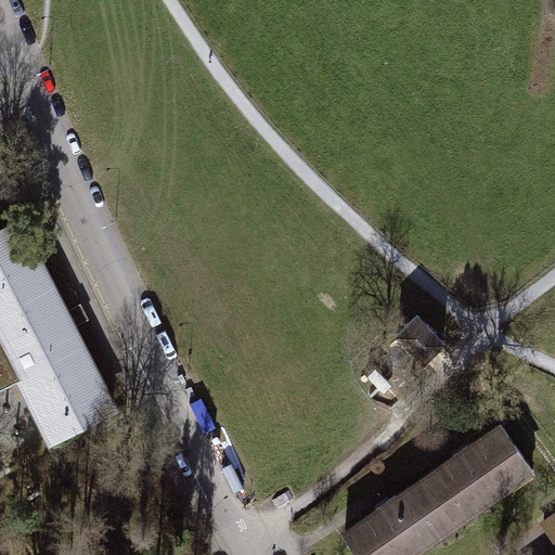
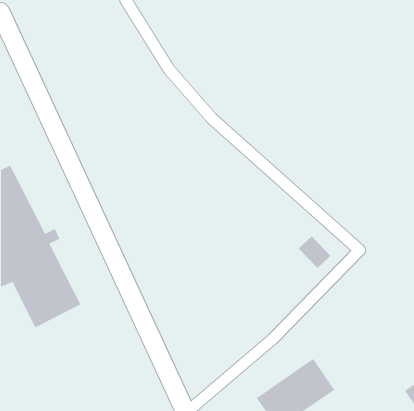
building: [420,429,528,526] -> none

